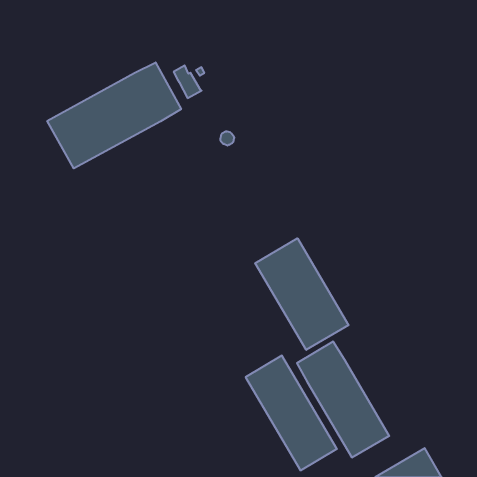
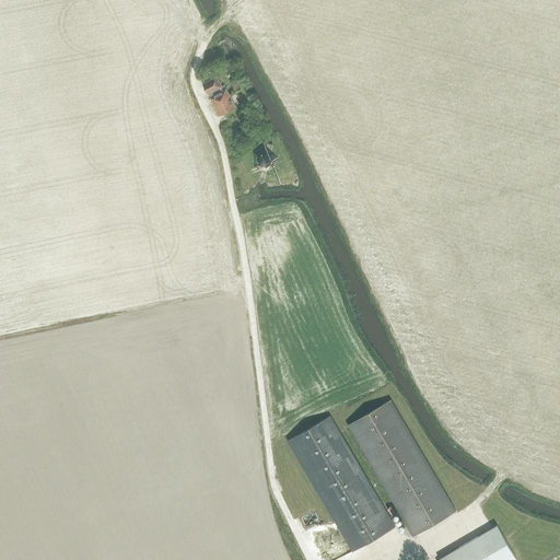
building: [47,62,181,168] -> none
building: [255,238,349,350] -> none

